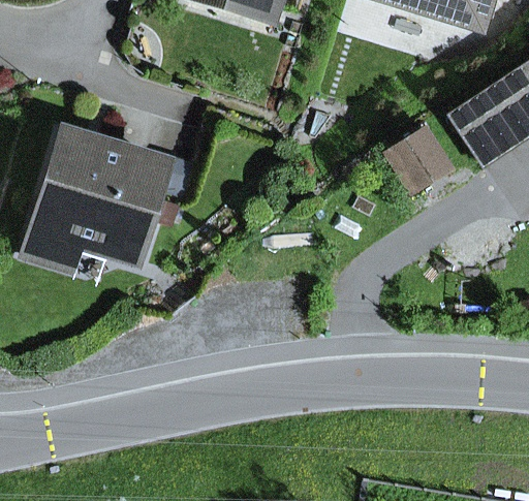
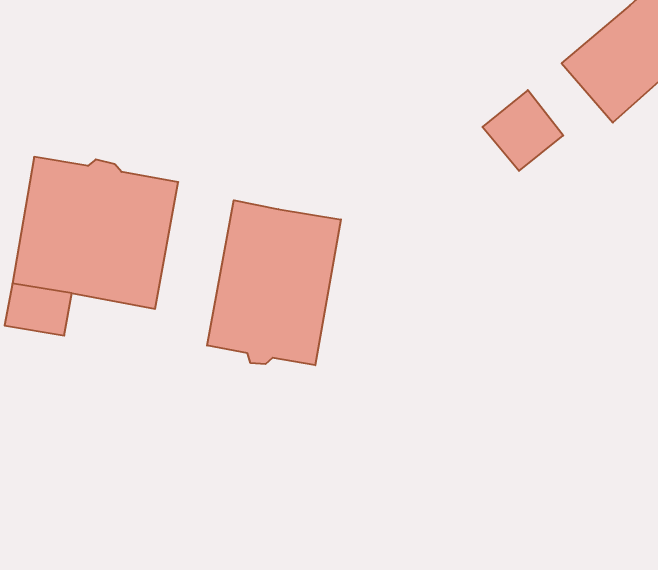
building: none -> [207,200,341,365]

